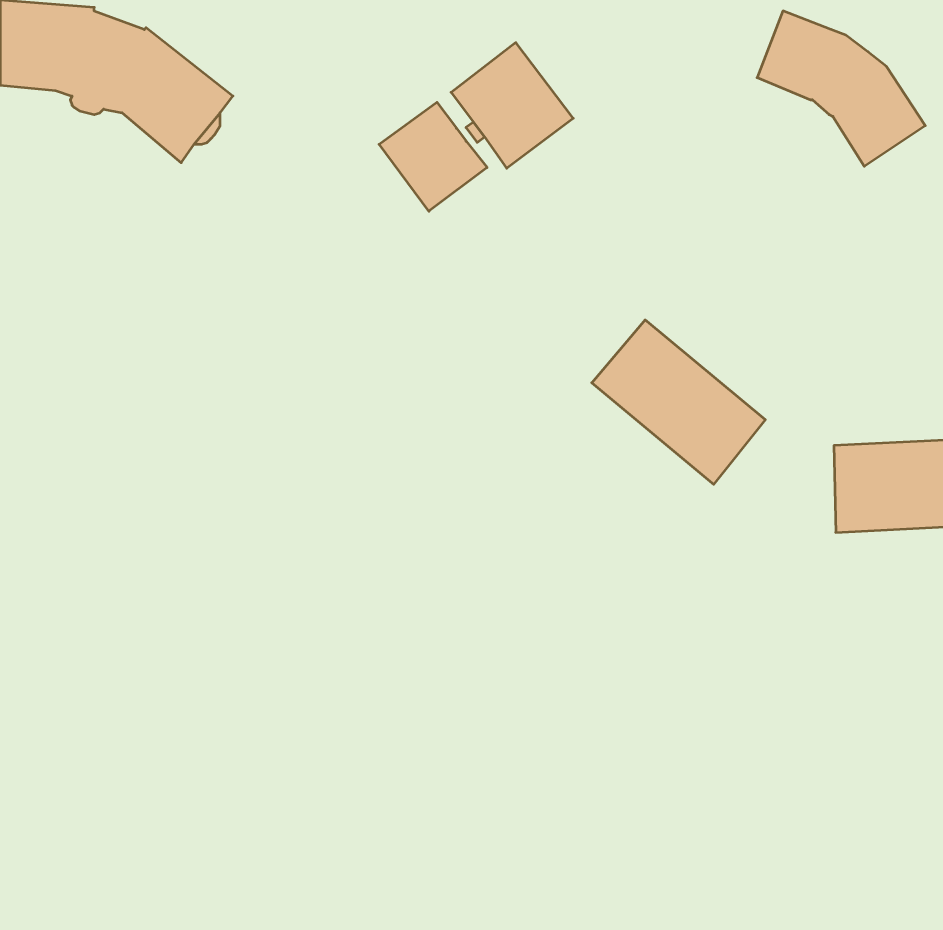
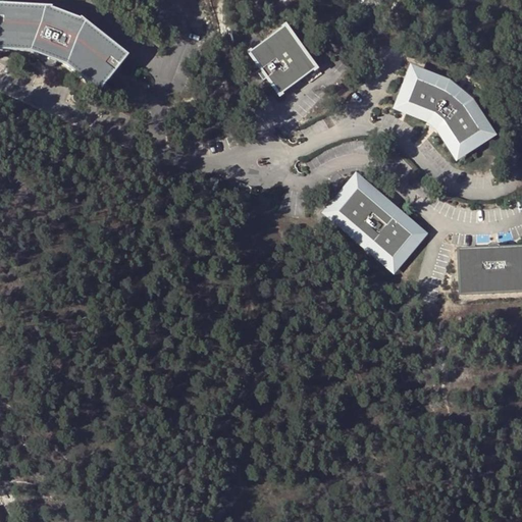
building: [757,11,925,166] -> [401,68,493,154]
building: [379,102,487,211] -> none

